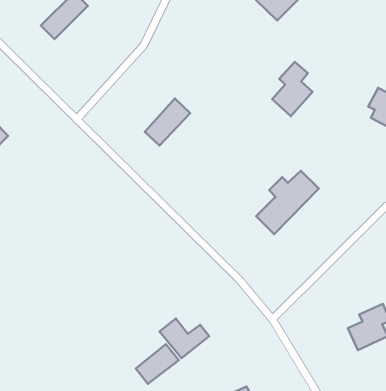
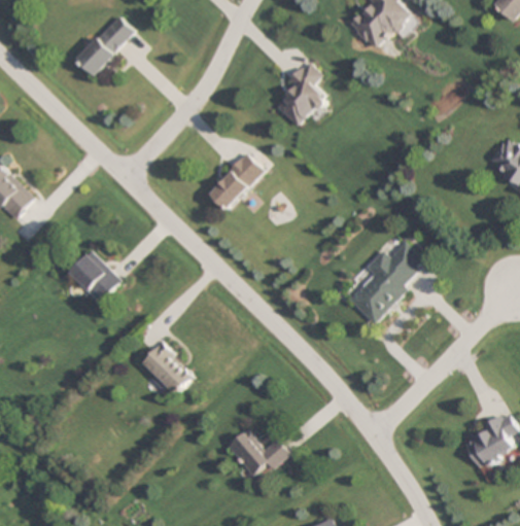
building: [272,62,313,116] -> [276,60,327,129]
building: none -> [67,250,119,304]
building: none -> [139,342,193,395]
building: [136,344,179,384] -> none

